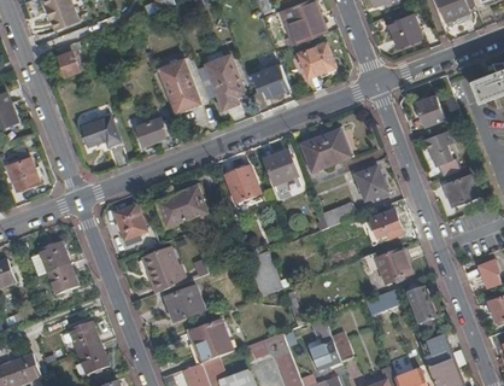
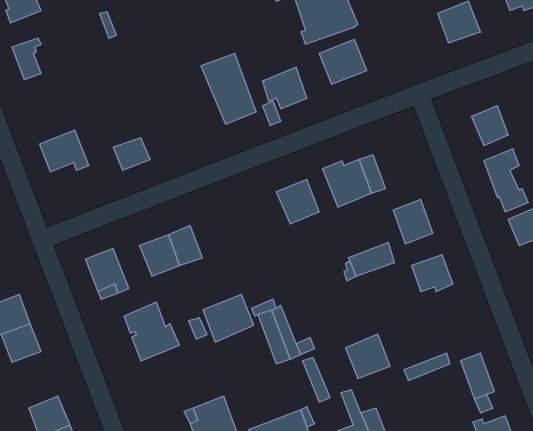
building: [158,58,199,112] -> none
building: [224,168,260,204] -> none
building: [376,248,411,283] -> [346,334,390,379]
building: [166,286,206,323] -> [203,294,254,342]

